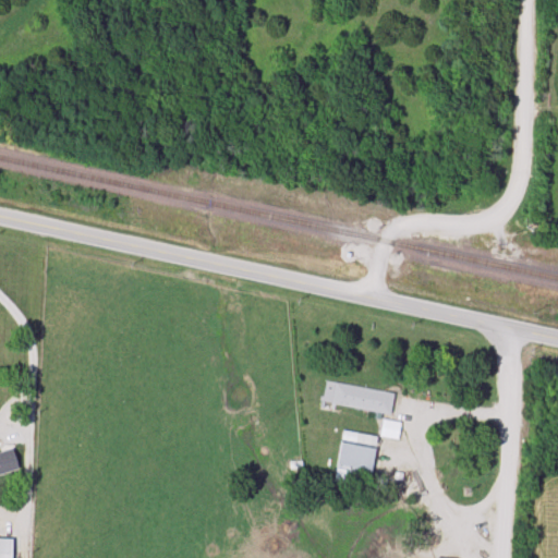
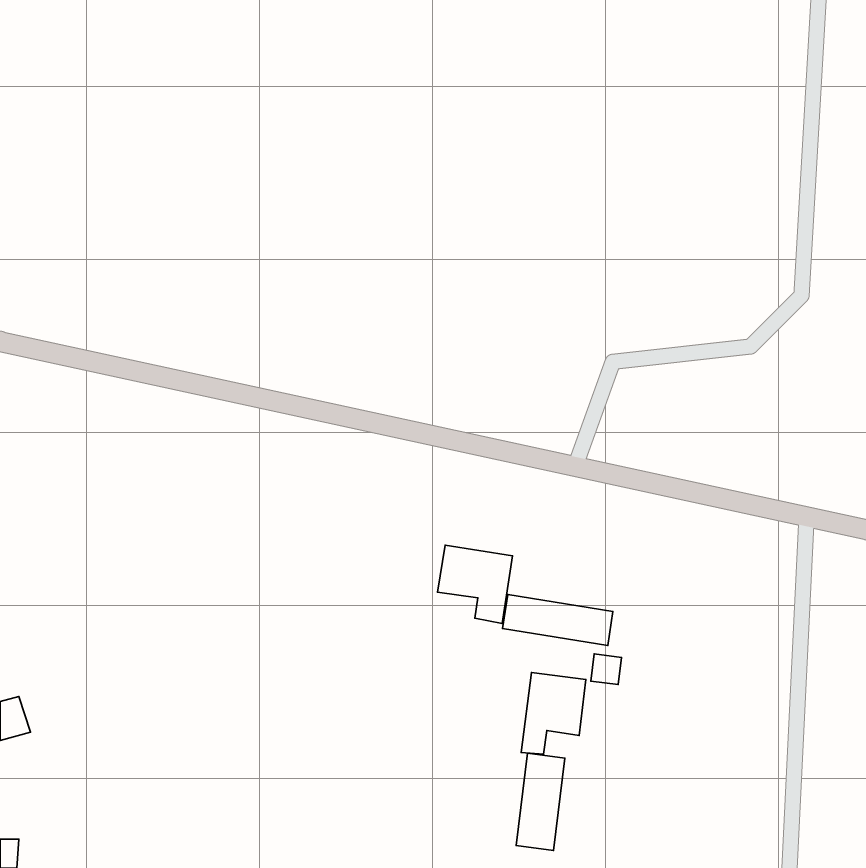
building: none -> [437,545,513,623]
building: none -> [516,753,565,851]

